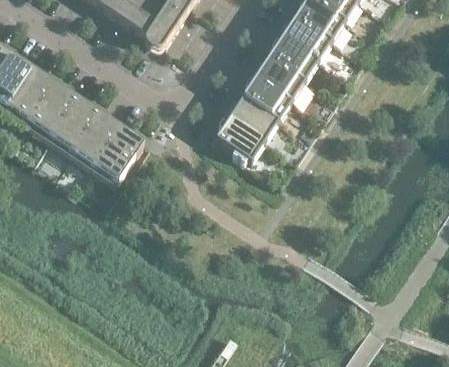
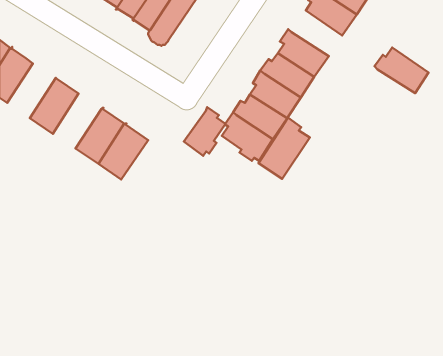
building: [278,18,330,62] -> [375,48,429,93]
building: [7,68,54,122] -> none
building: [51,97,98,151] -> none
building: none -> [184,107,225,156]
building: none -> [259,117,310,179]

